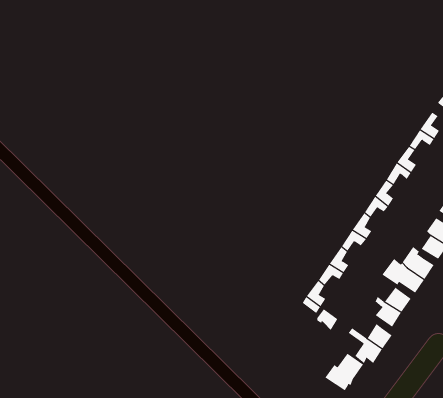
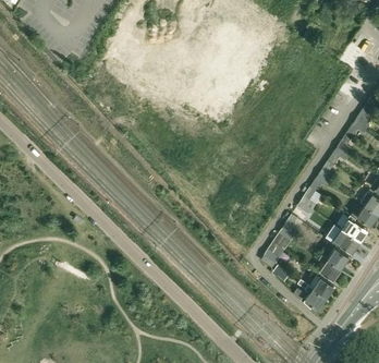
building: [324,353,364,391] -> none

